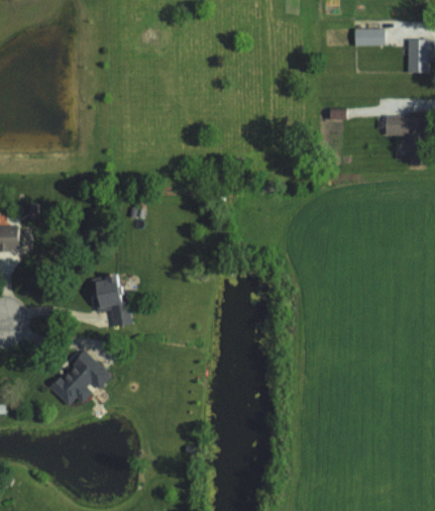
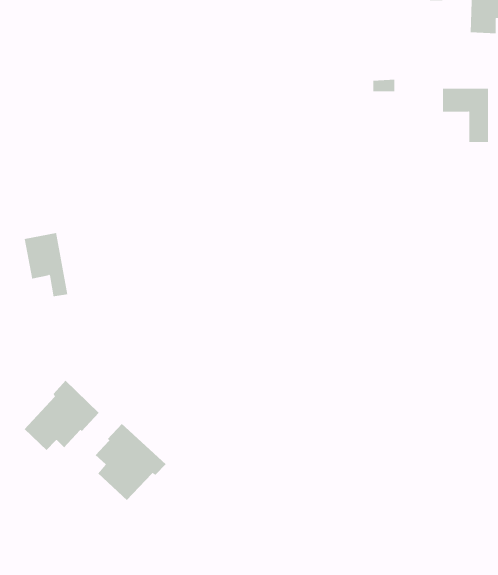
building: [92,274,127,325] -> [24,232,68,297]
building: none -> [95,423,167,501]

